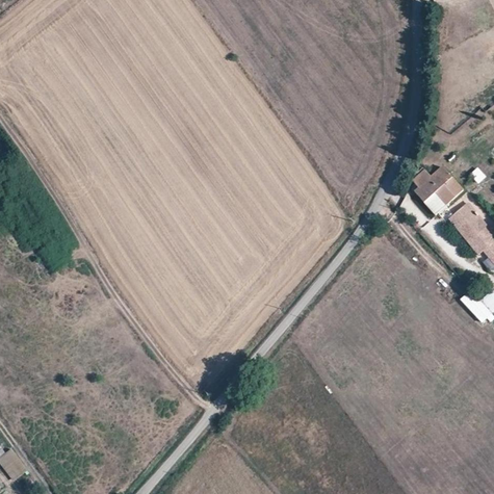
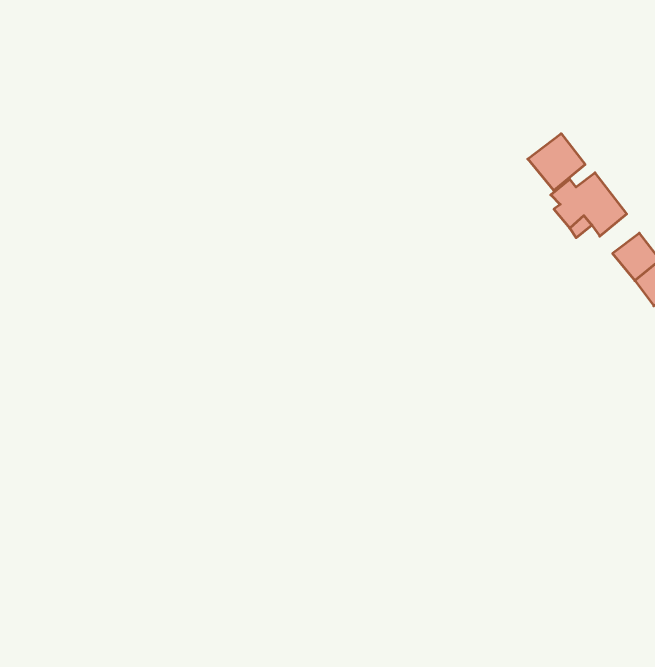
building: none -> [528,134,585,190]

